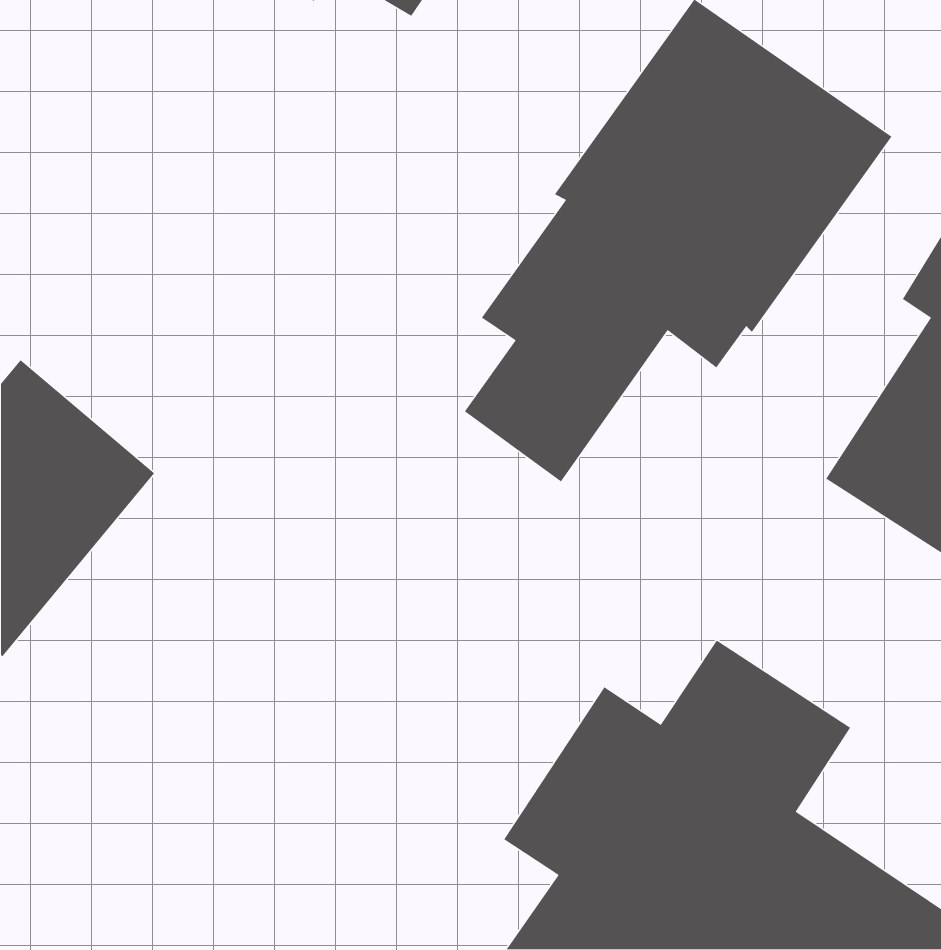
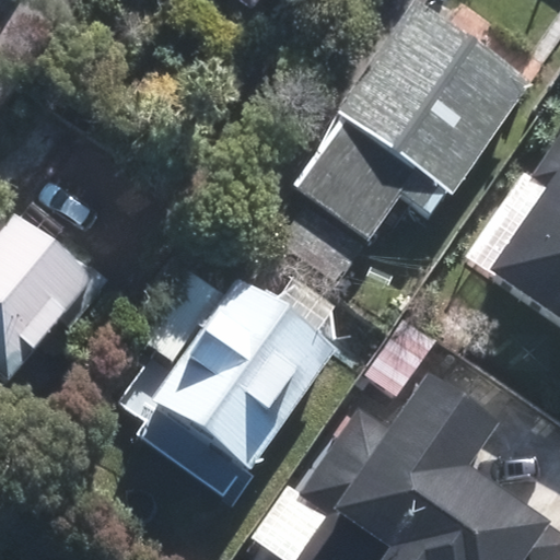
building: none -> [136,264,336,482]

